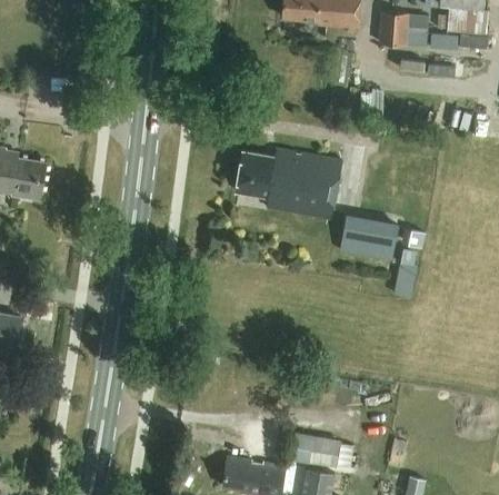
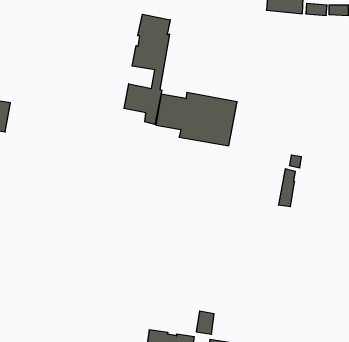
building: none -> [124,14,170,124]
building: [340,217,398,259] -> none
building: [309,436,339,466] -> none

